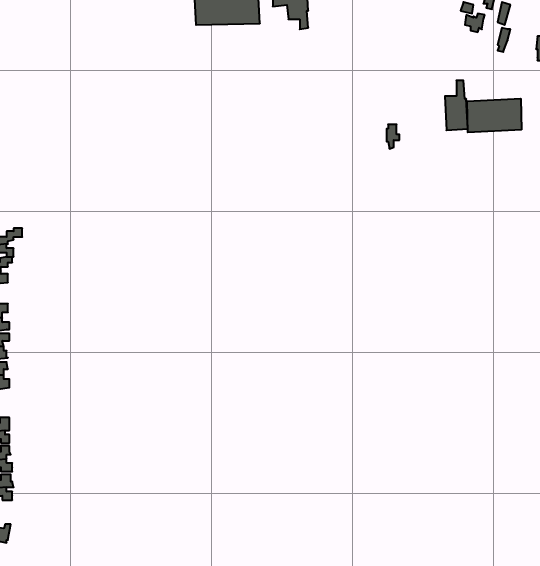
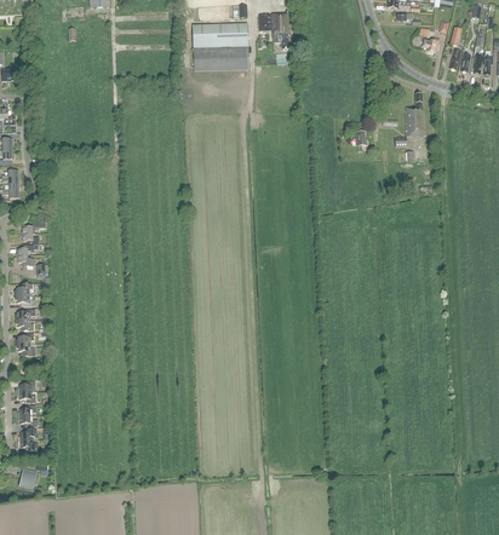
building: none -> [193,46,247,70]
building: [467,99,521,132] -> none

